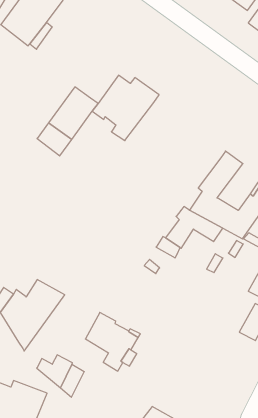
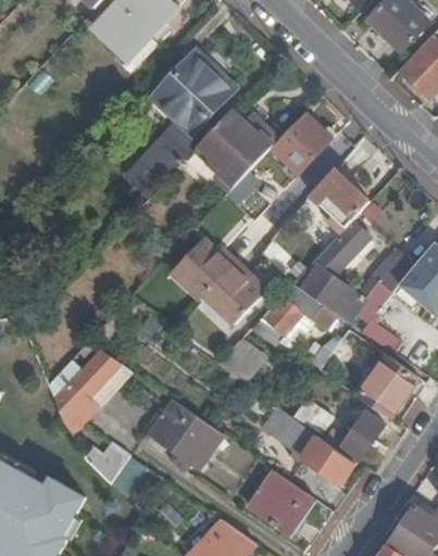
building: none -> [153,49,233,135]
building: none -> [270,113,330,175]
building: none -> [309,169,368,228]
building: none -> [172,241,266,328]
building: none -> [277,419,354,483]
building: none -> [250,472,315,535]

